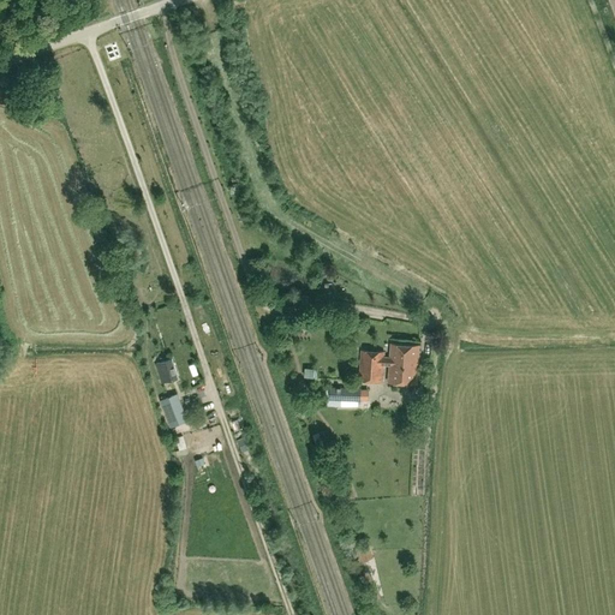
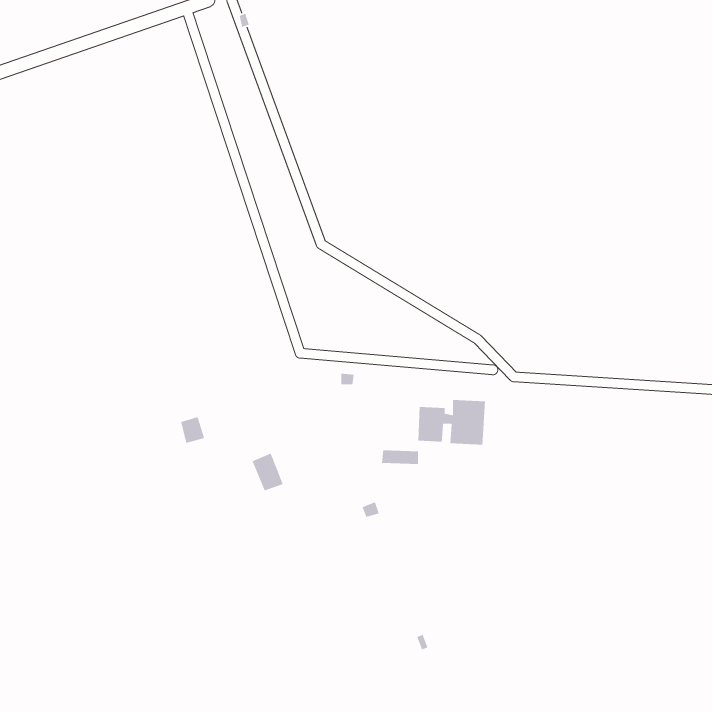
building: [159,394,186,428] -> [252,453,284,492]

